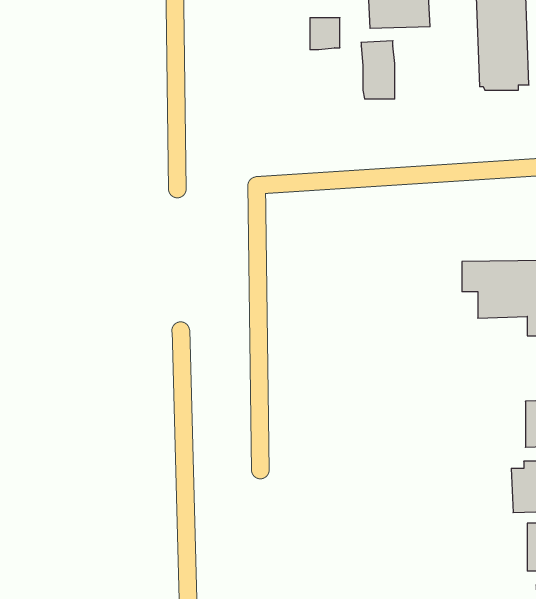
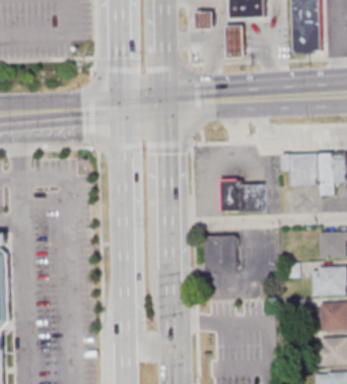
building: none -> [221,180,268,213]
building: none -> [206,236,238,270]

